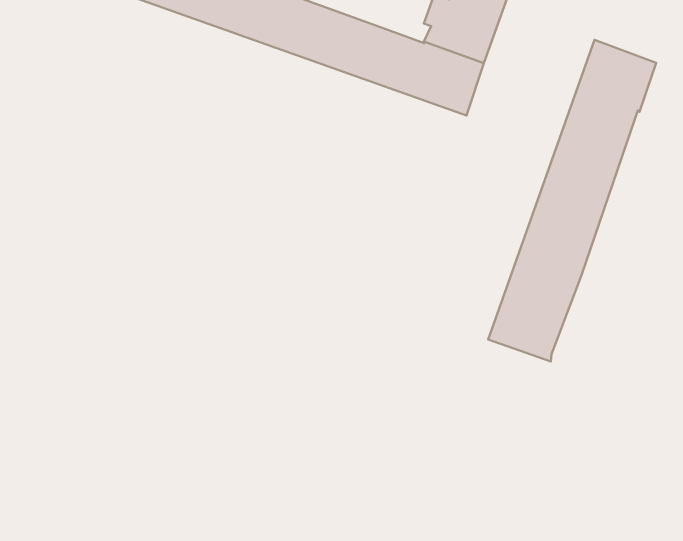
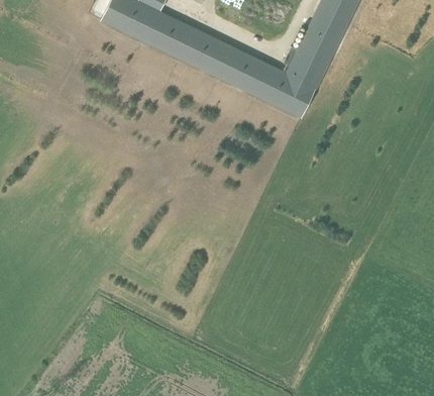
building: [488,40,656,362] -> none

